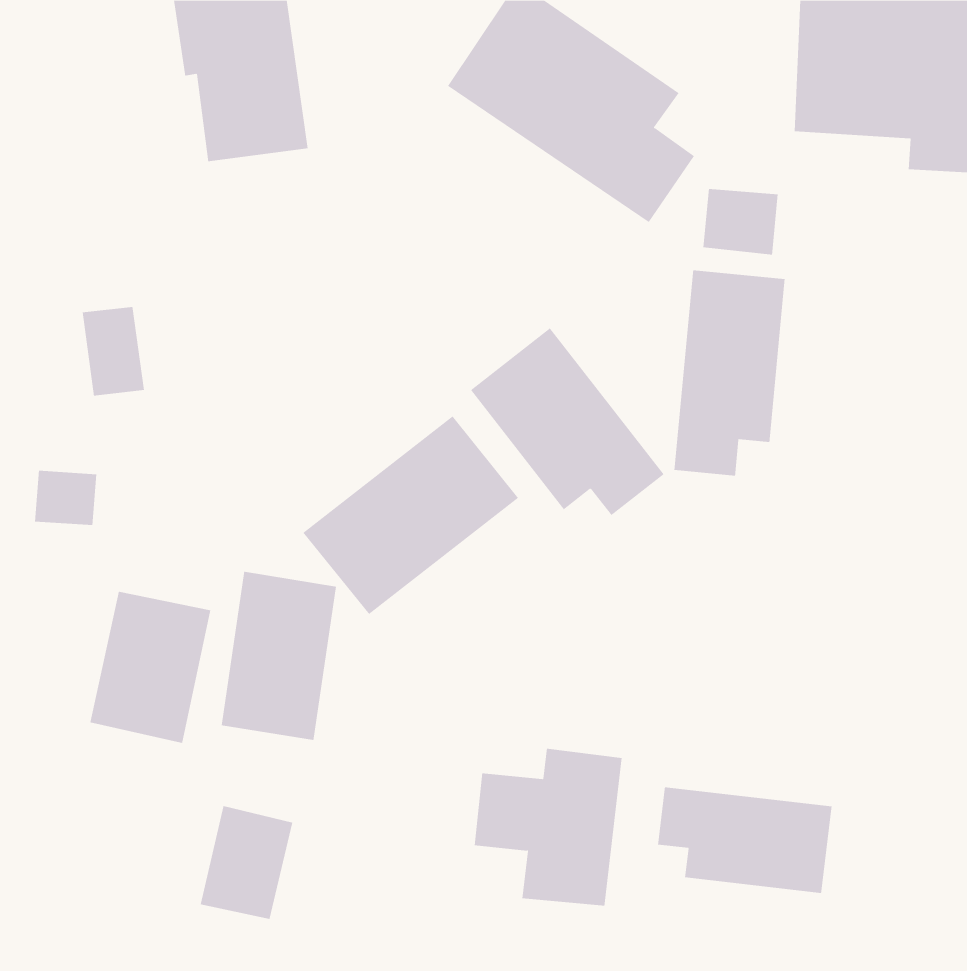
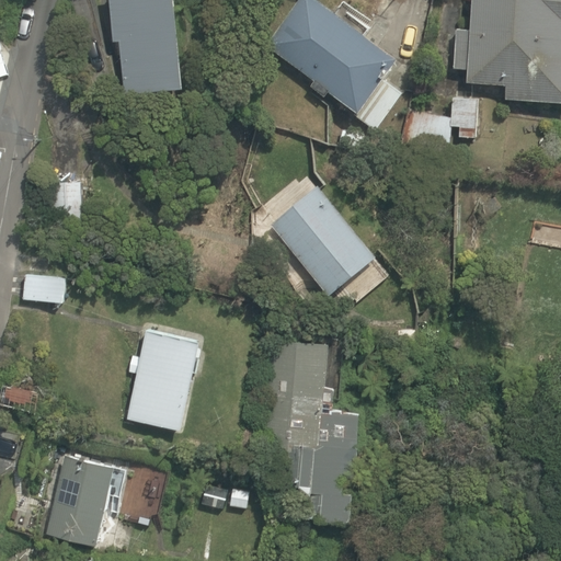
building: [674,269,785,476] -> none
building: [303,416,519,615] -> none
building: [89,591,211,743] -> [44,455,114,542]
building: [657,786,832,894] -> none

